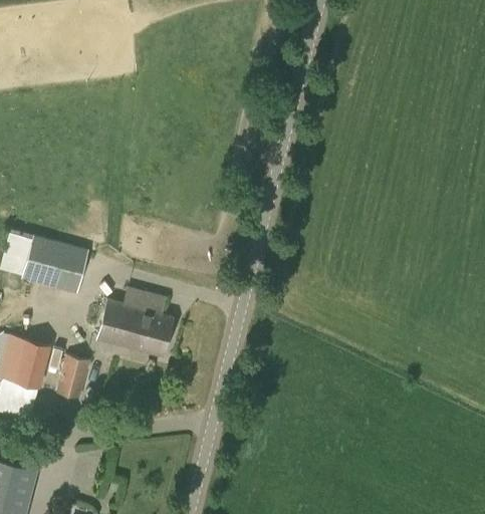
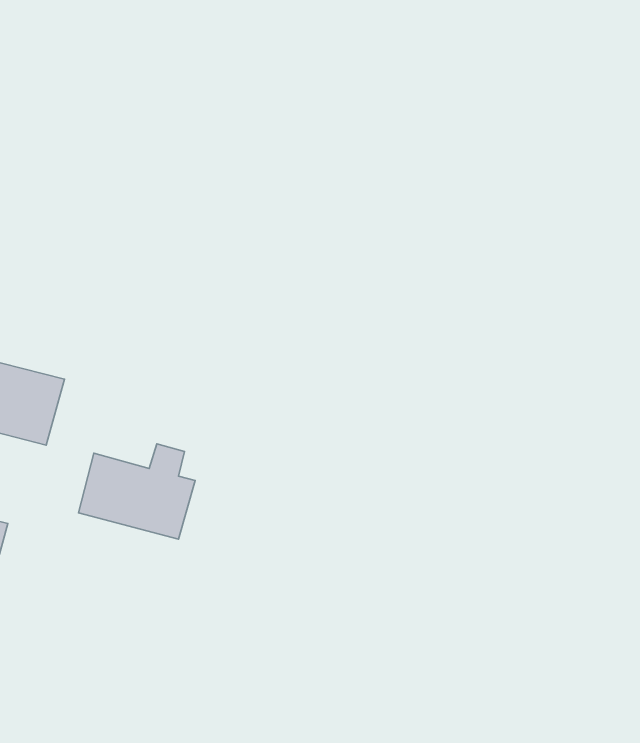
building: [55,354,90,400] -> none

